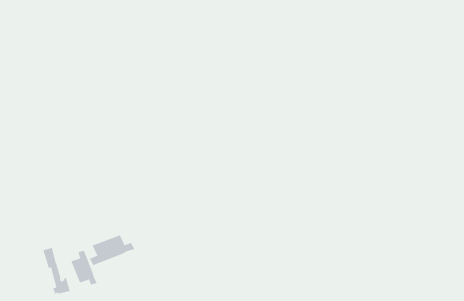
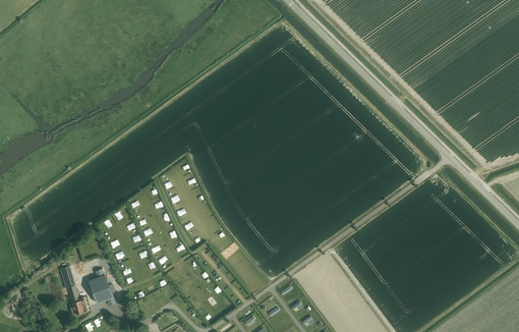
building: [89,235,135,266] -> none

